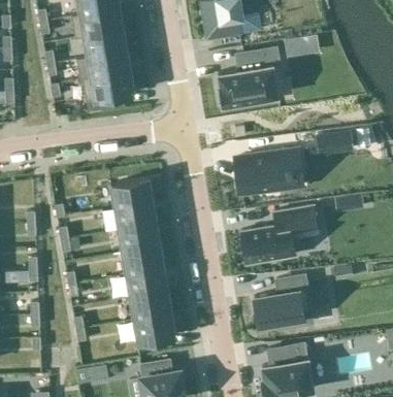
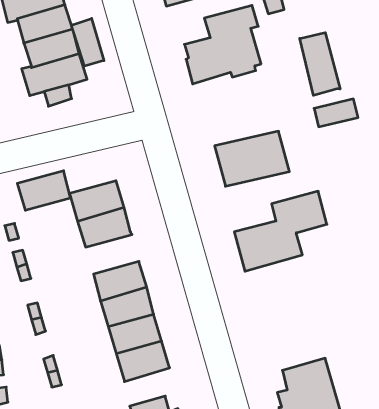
building: none -> [71,18,104,66]
building: none -> [300,33,340,95]
building: [119,224,161,253] -> [17,171,71,210]
building: [255,274,310,328] -> none

